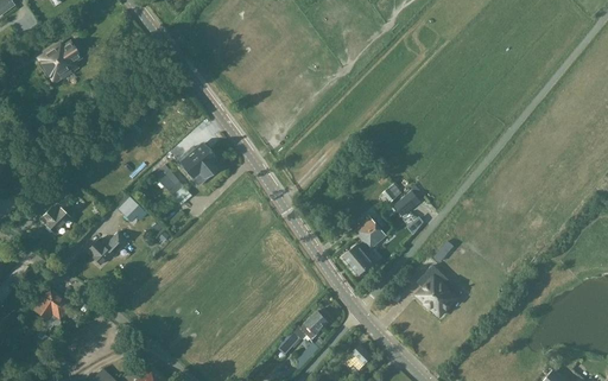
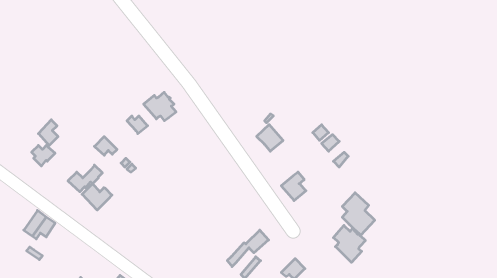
building: [38,43,80,84] -> none
building: [354,217,386,249] -> [257,125,283,151]
building: none -> [82,184,112,210]
building: none -> [333,225,365,262]

